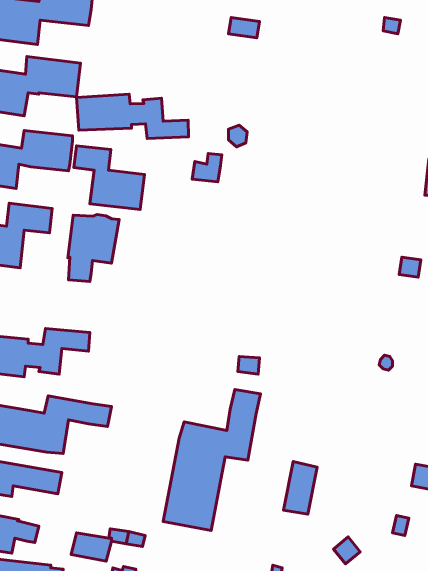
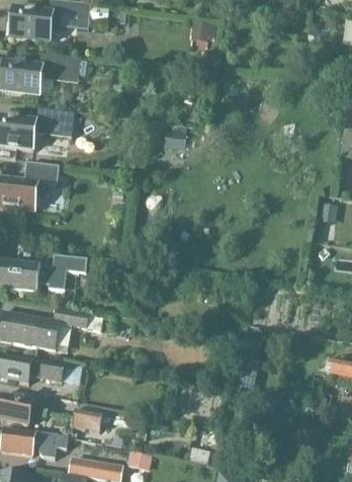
building: [77,94,189,138] -> none
building: [74,146,145,209] -> none
building: [68,215,119,281] -> none
building: [163,390,261,530] -> none

